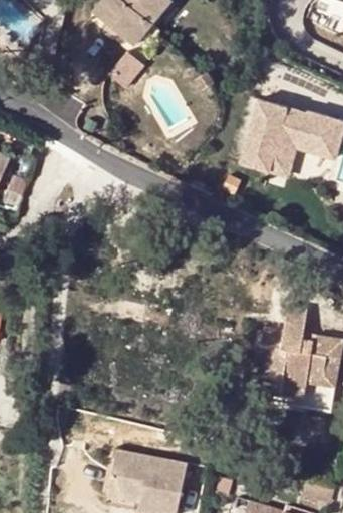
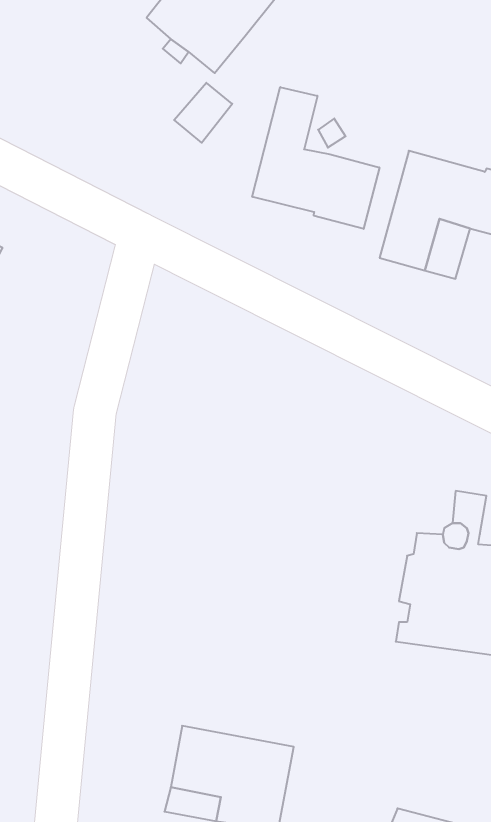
building: none -> [252,87,379,229]

